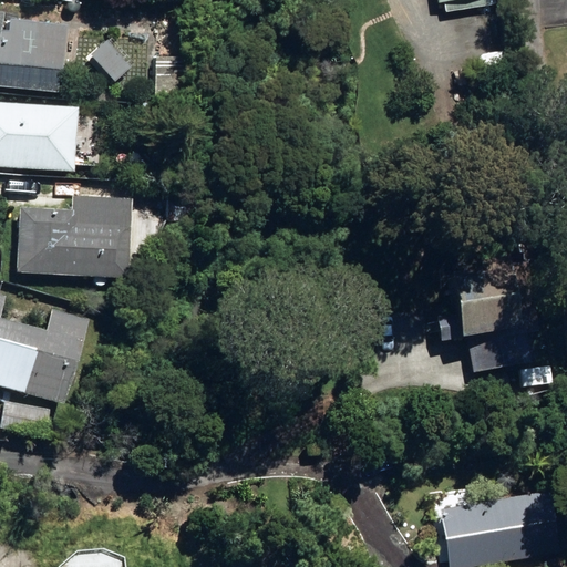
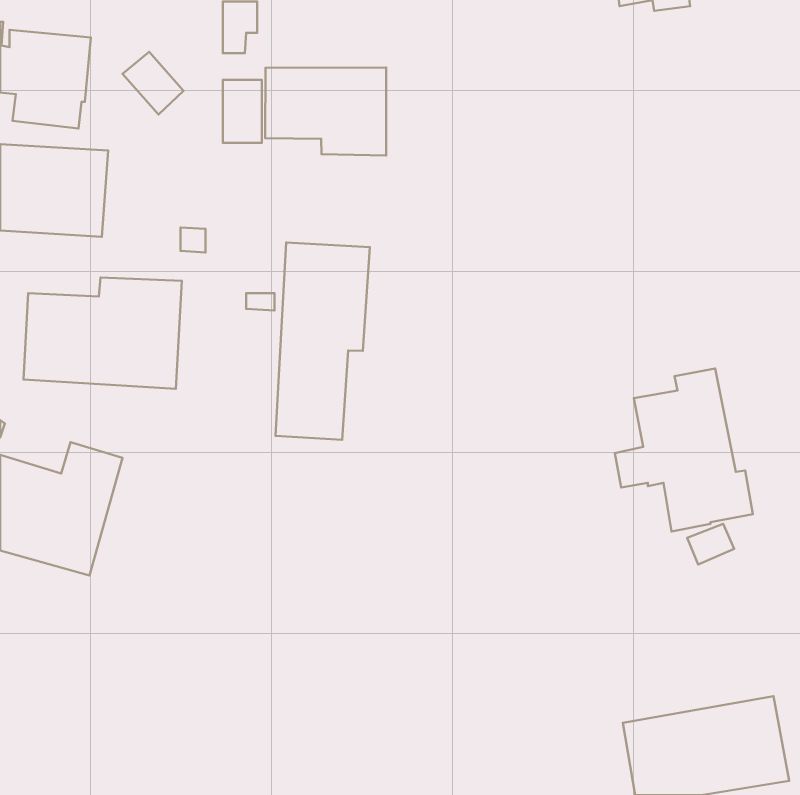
building: none -> [265,67,386,156]
building: none -> [275,242,370,440]

